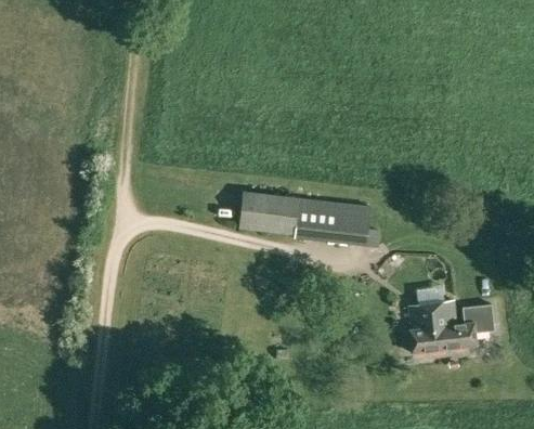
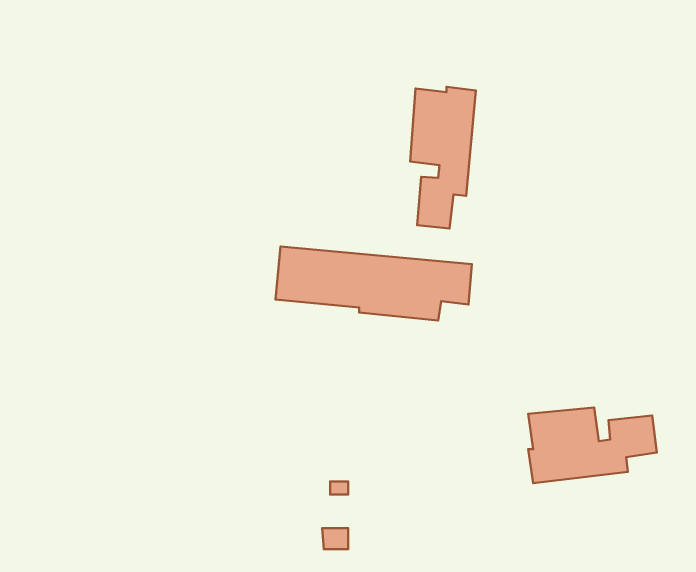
building: none -> [410,87,476,229]

